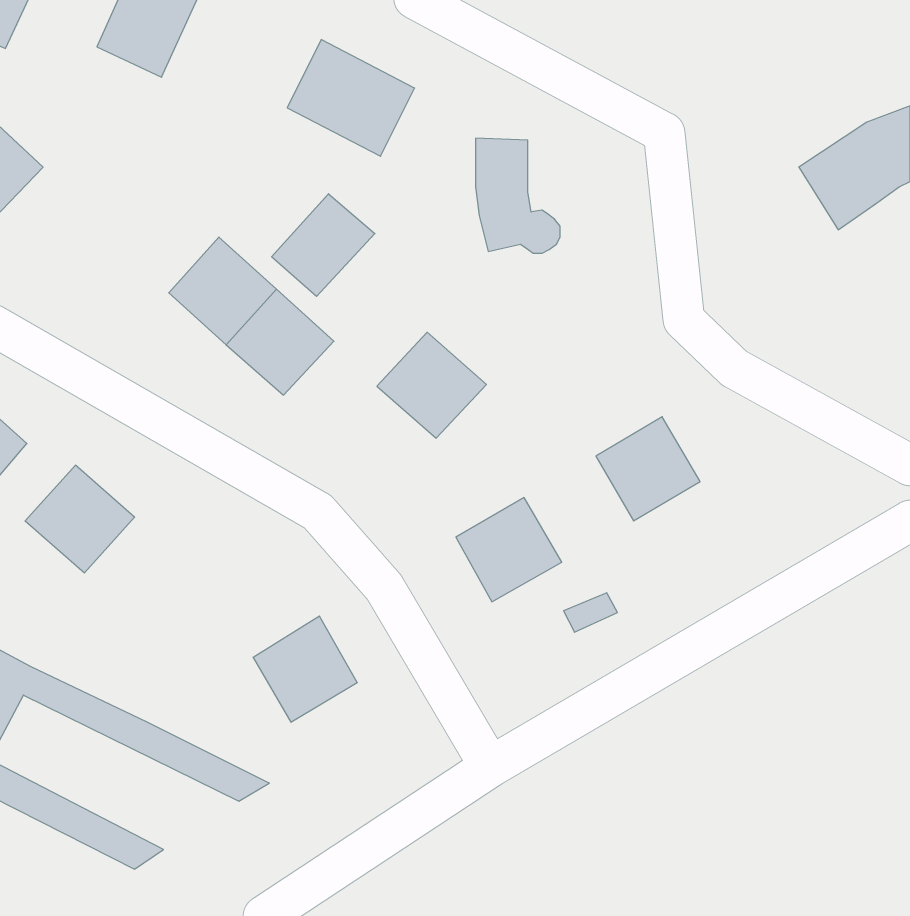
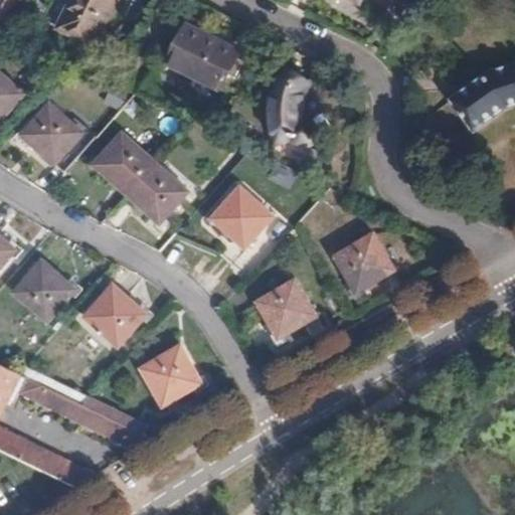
building: none -> [21,103,82,162]
building: [272,194,375,296] -> none
building: none -> [83,284,145,345]

